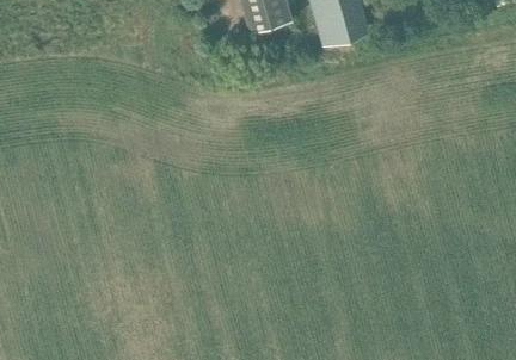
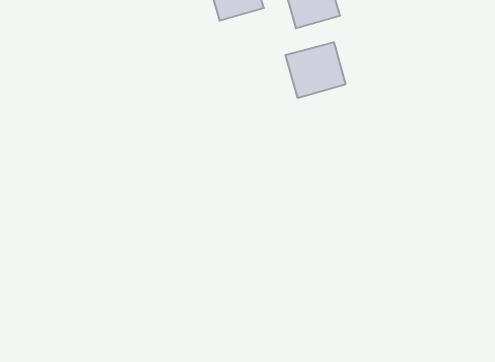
building: none -> [285,42,345,98]

